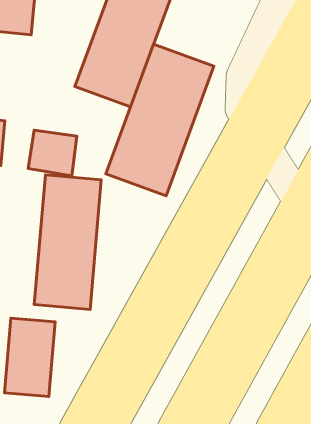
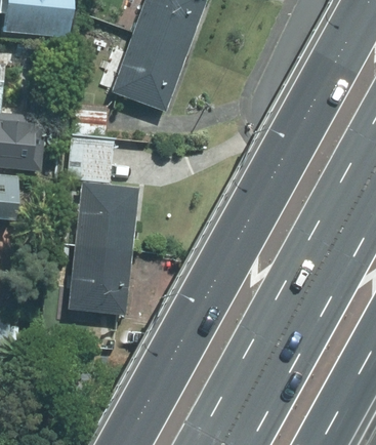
building: [106,44,214,196] -> none
building: [4,318,55,397] -> none

